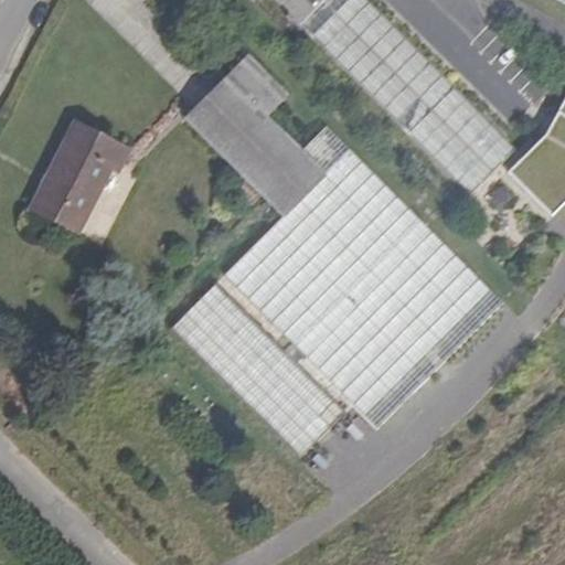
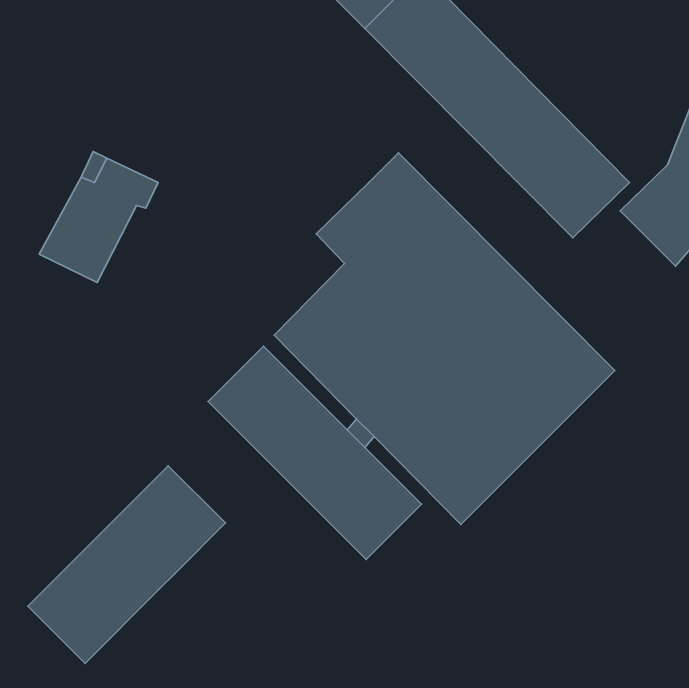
building: [184,54,302,191] -> none
building: none -> [28,466,225,663]

